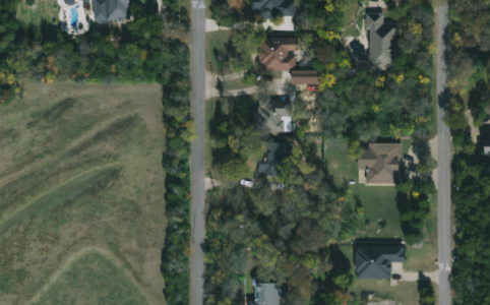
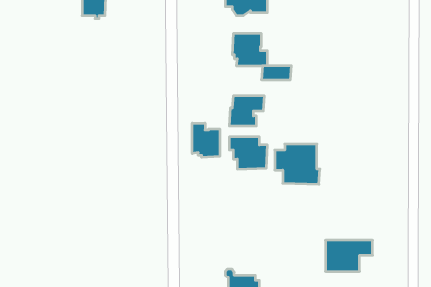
building: [368,13,403,71] -> none
building: none -> [192,123,220,157]
building: [357,143,403,184] -> [275,144,320,184]

